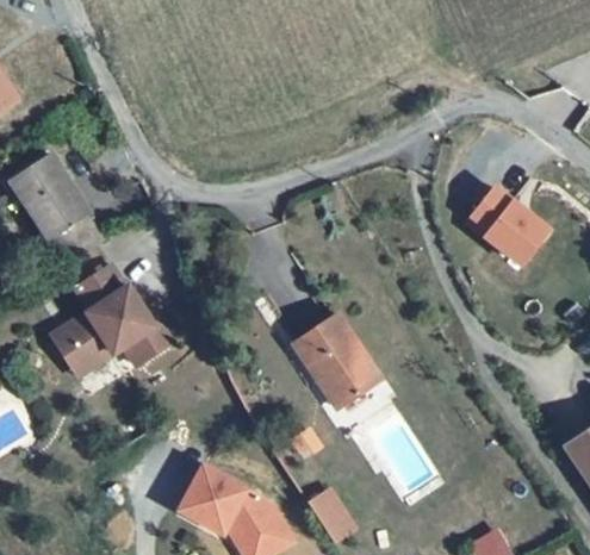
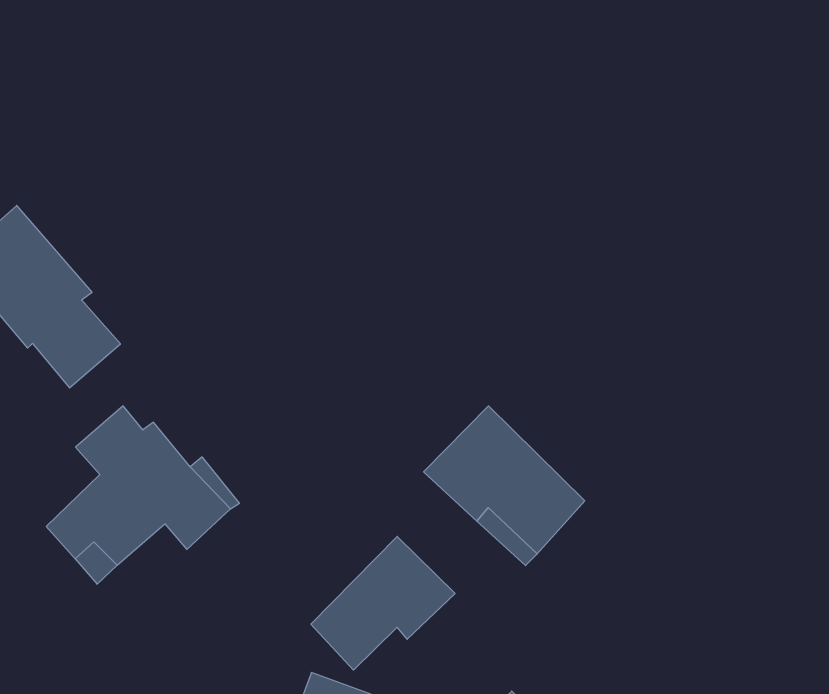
building: [459,182,549,269] -> none
building: none -> [311,536,455,670]

